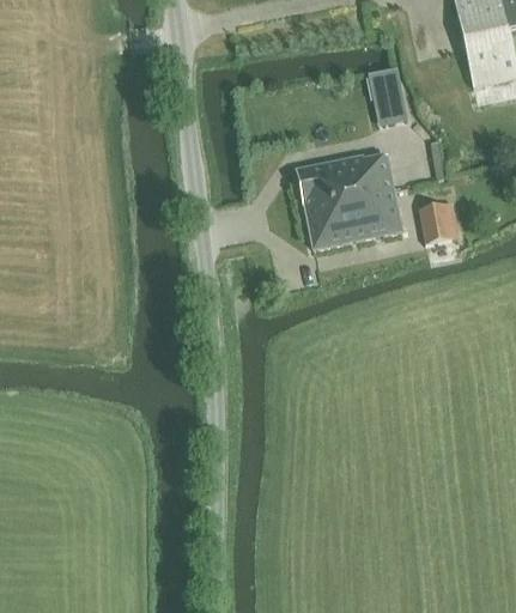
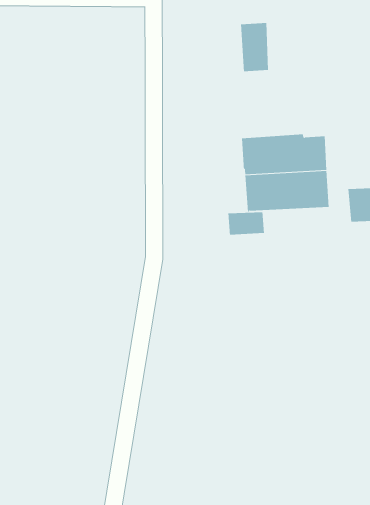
building: [369,68,407,126] -> [240,22,269,72]
building: none -> [228,212,264,236]

